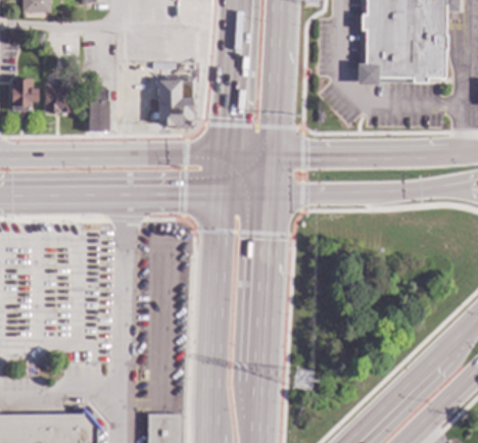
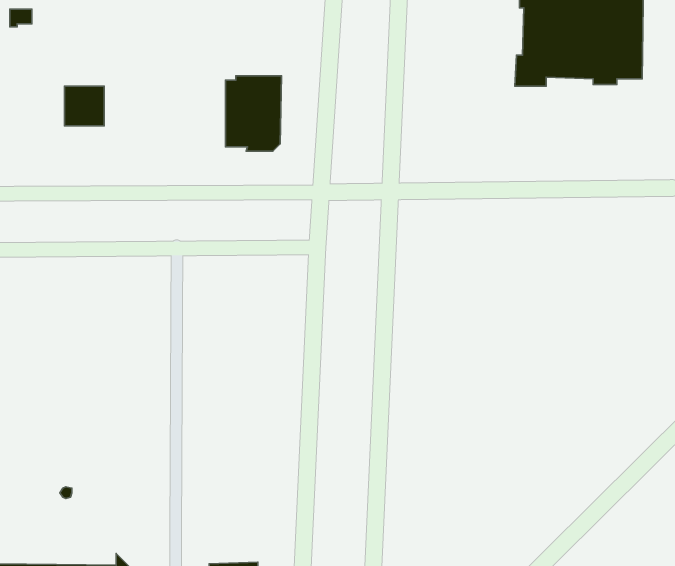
building: [11,77,40,113] -> none
building: [89,92,109,133] -> none

